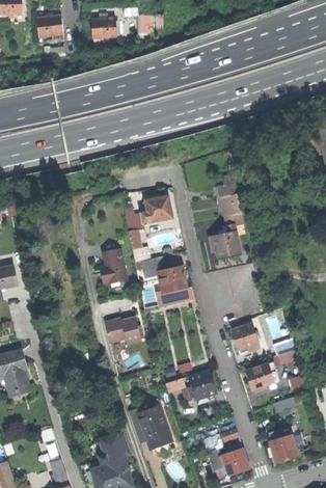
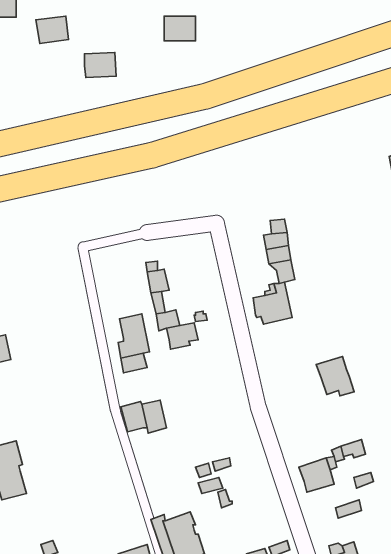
building: [92,16,117,35] -> [85,53,116,77]
building: [142,196,172,223] -> none
building: [159,266,193,303] -> none
building: [230,320,261,351] -> [316,357,354,396]
building: [189,371,217,404] -> none

